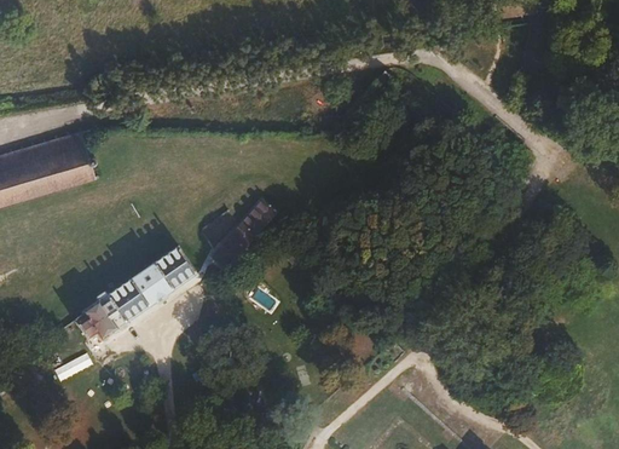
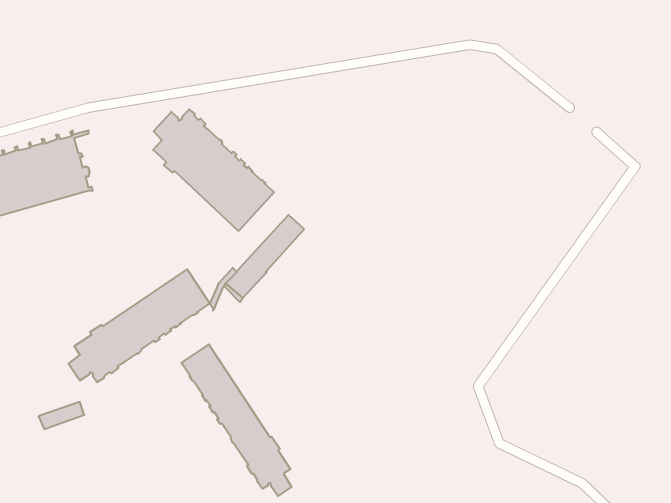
building: none -> [153,109,274,231]
building: none -> [181,344,292,496]

